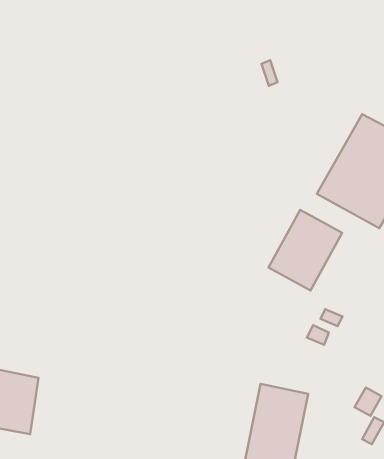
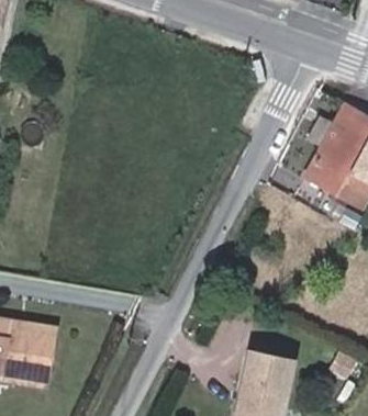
building: [268,210,342,291] -> none

